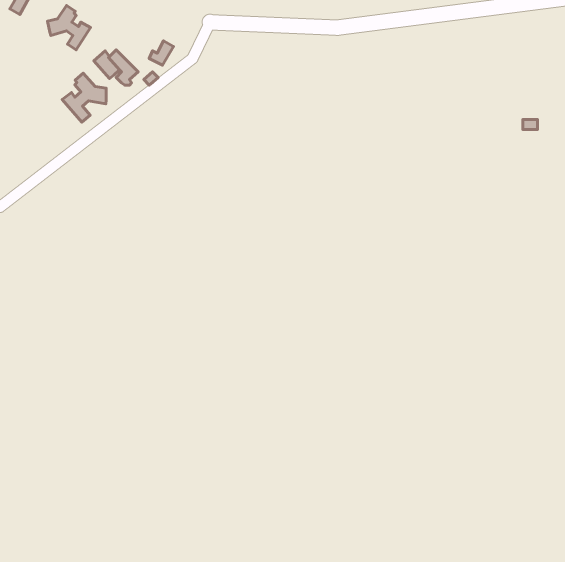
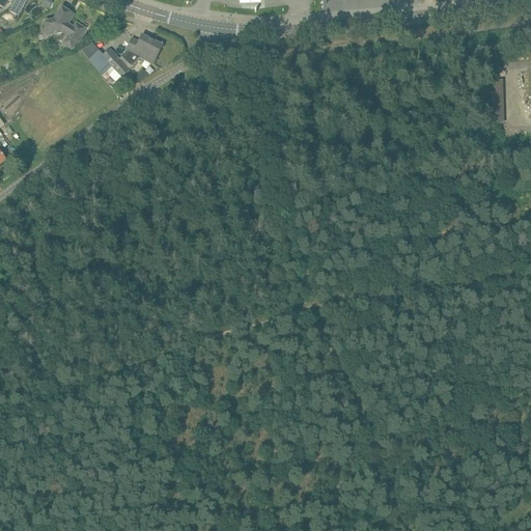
building: none -> [121,33,153,64]
building: [62,73,106,122] -> none

